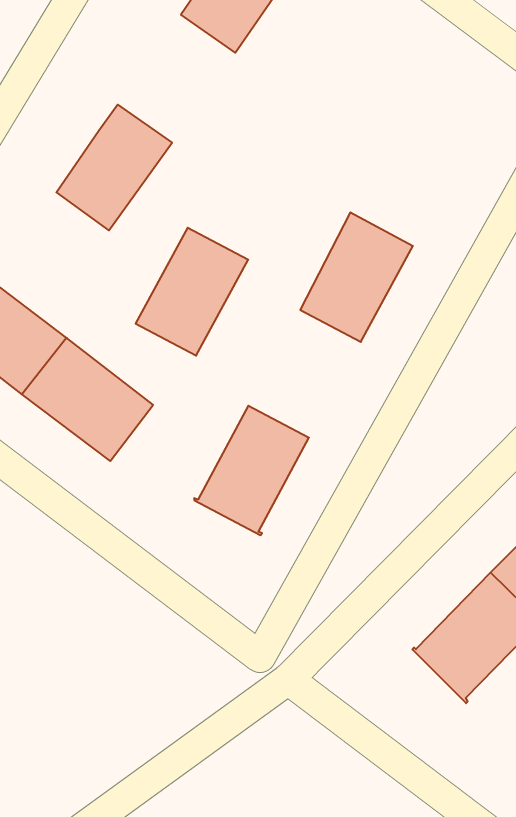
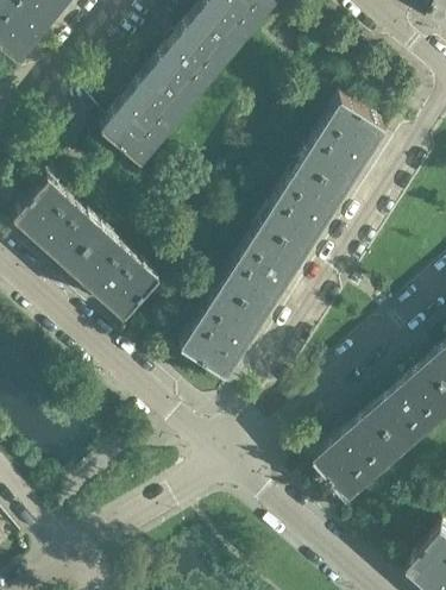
building: none -> [147,23,230,108]
building: none -> [299,102,381,192]
building: [136,228,248,356] -> [219,228,299,315]

